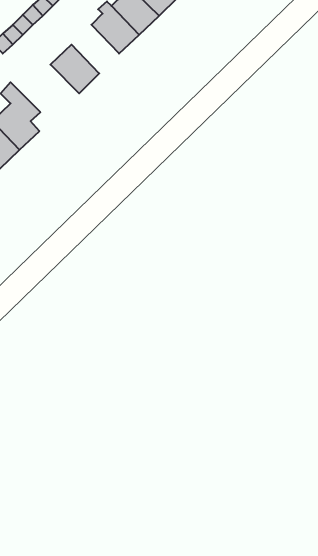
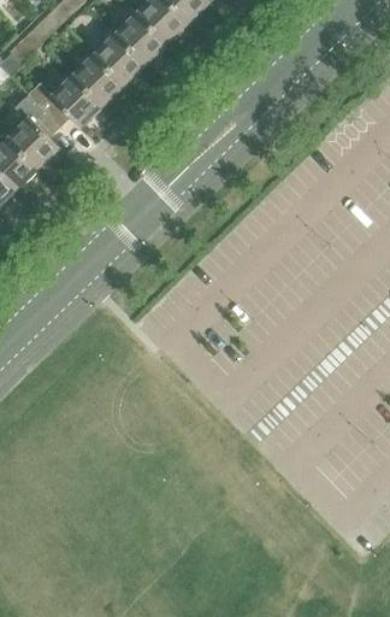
building: none -> [93,34,144,87]
building: none -> [26,77,101,129]

